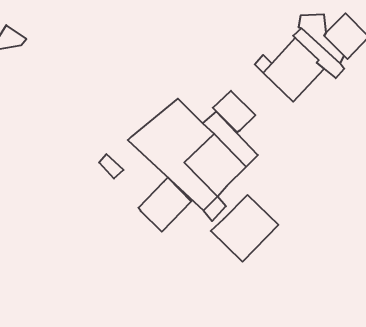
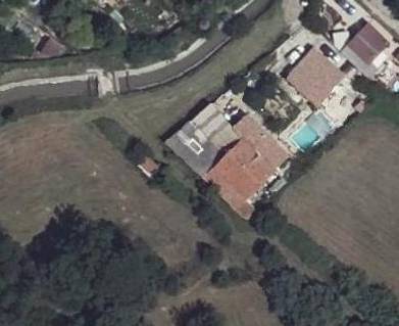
building: [213,91,255,132] -> none
building: [138,177,191,232] -> none
building: [211,195,278,262] -> none

